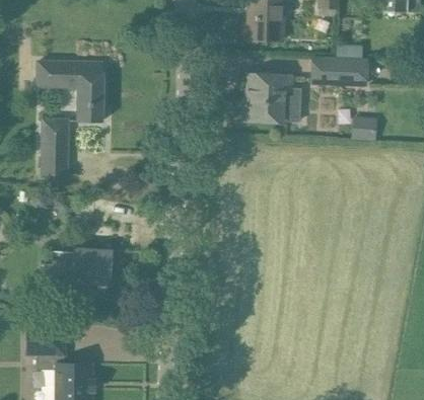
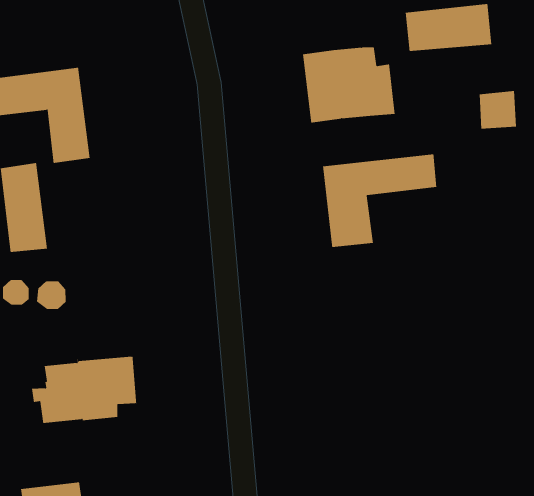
building: none -> [322,153,437,248]

